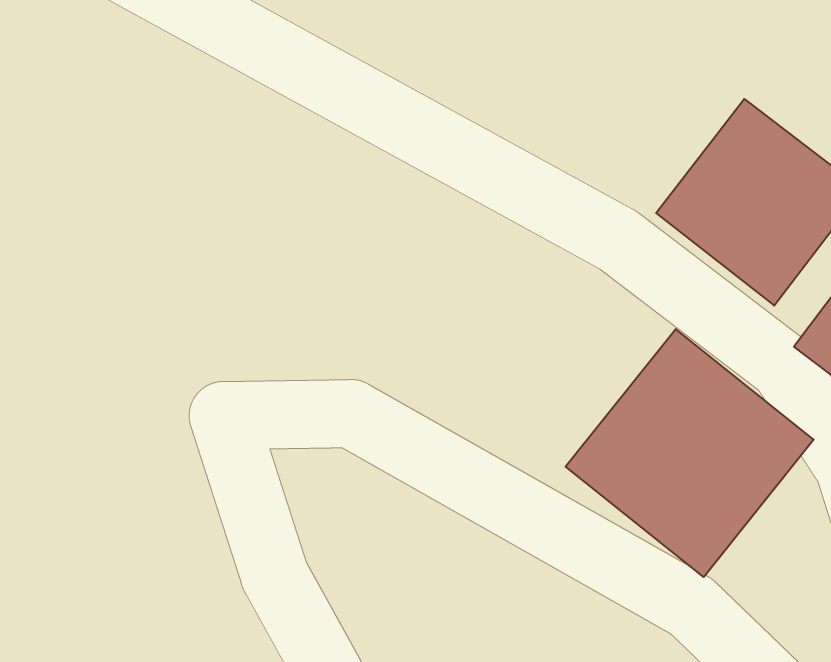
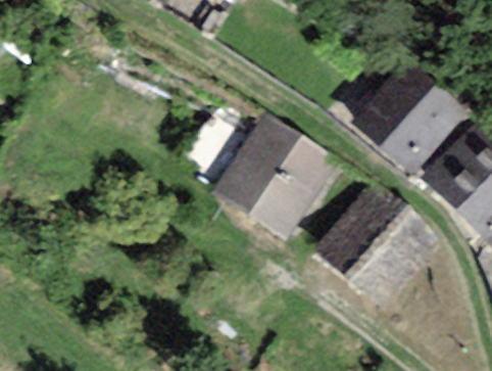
building: none -> [214,108,341,237]

